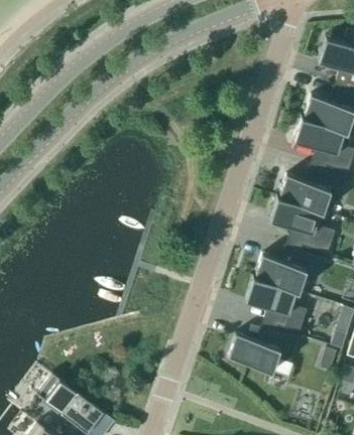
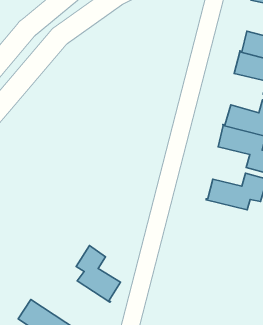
building: [245,279,306,334] -> none
building: none -> [76,246,120,302]
building: [229,331,297,373] -> none

